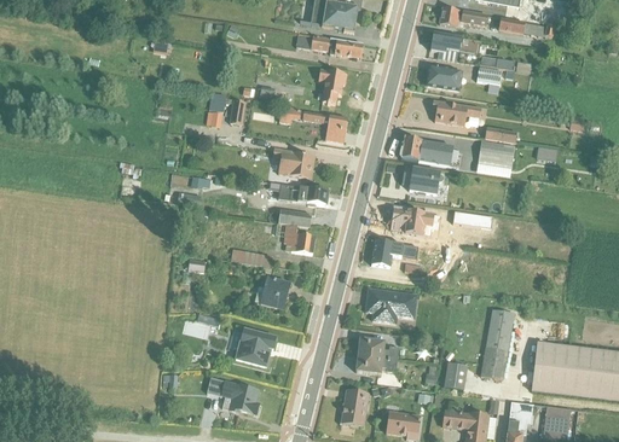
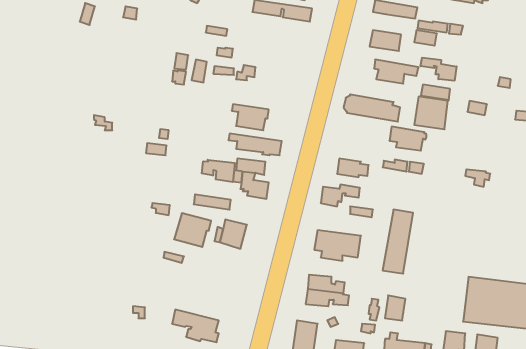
building: [318,69,346,104] -> none
building: none -> [421,58,457,81]
building: [302,110,347,143] -> none
building: [401,167,442,193] -> [389,127,426,151]
building: none -> [202,160,235,182]
building: [480,308,514,379] -> [383,210,413,274]
building: [235,328,276,366] -> [174,213,211,247]

